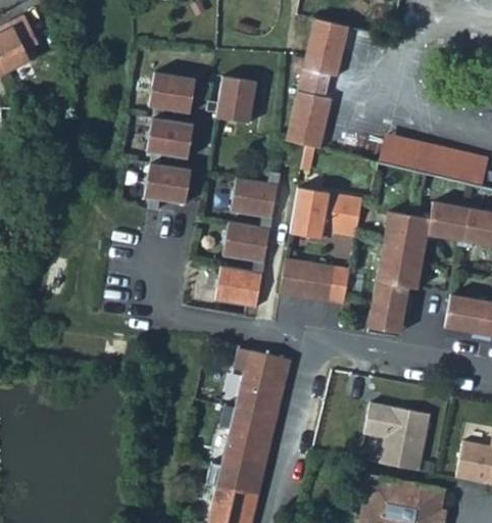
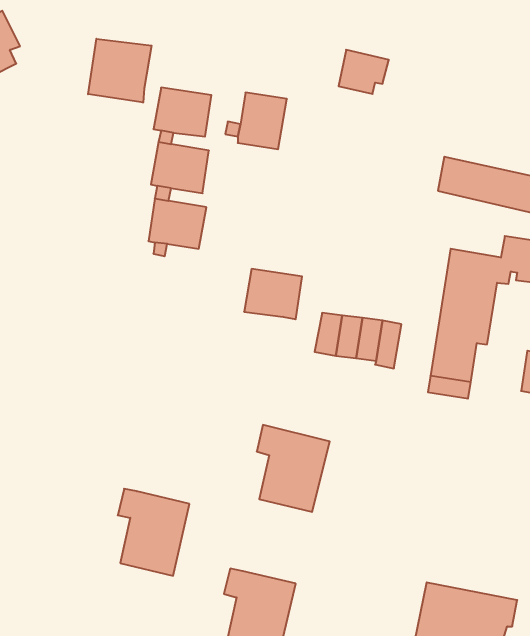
building: [304,15,346,54] -> none
building: none -> [88,39,152,103]
building: [284,76,329,146] -> none
building: [230,178,277,219] -> none
building: [291,185,363,235] -> none
building: [213,269,261,310] -> none
building: [364,406,431,473] -> none
building: [218,409,277,479] -> [118,489,189,576]

